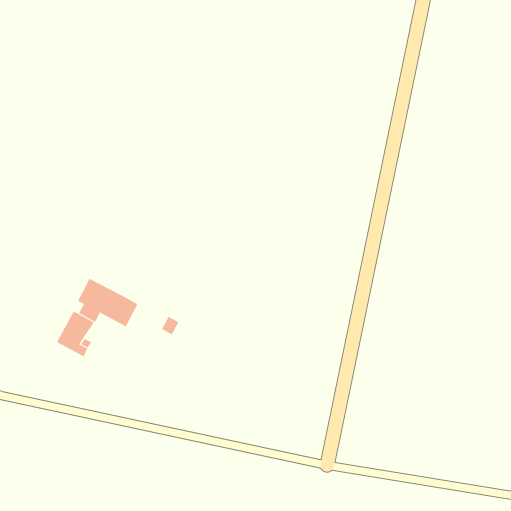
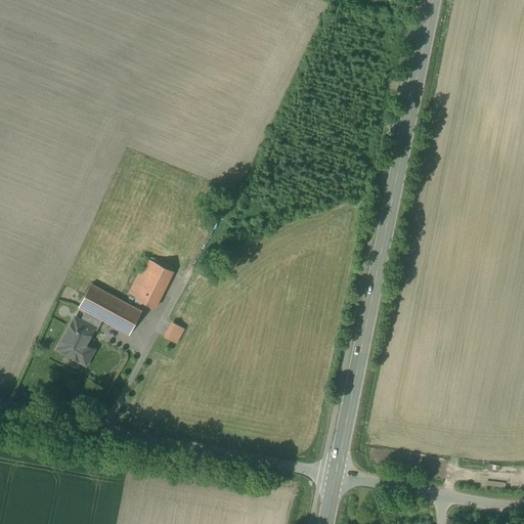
building: none -> [128,259,173,308]

